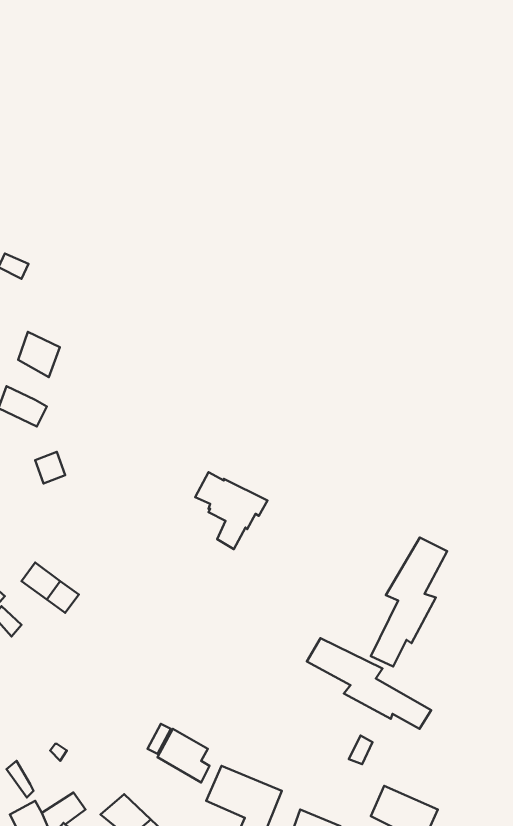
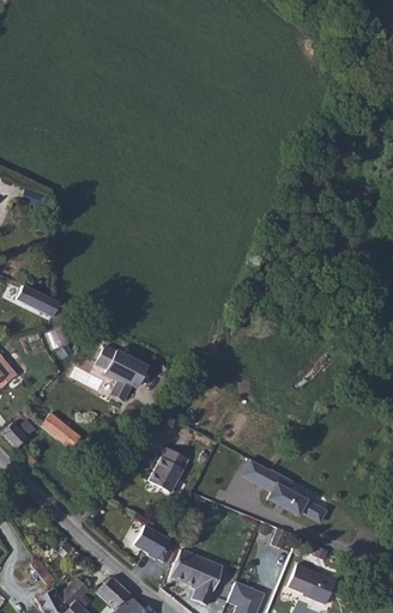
building: [18,332,60,377] -> none
building: [195,472,267,549] -> [96,348,147,403]
building: [371,538,447,666] -> none
building: none -> [149,450,188,496]

